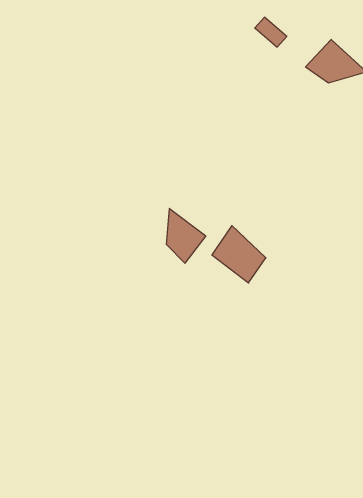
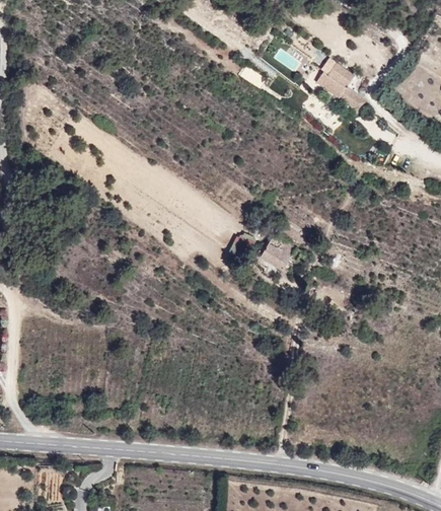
building: [166,208,206,263] -> none

